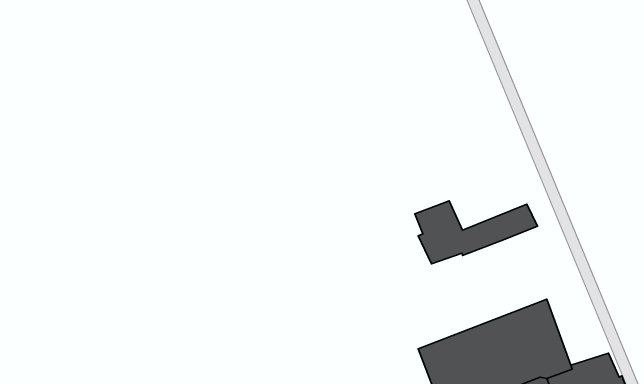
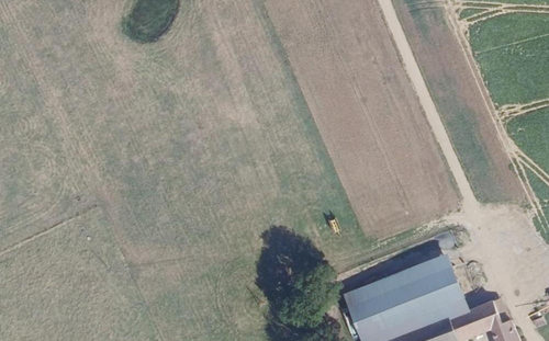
building: [415,201,537,264] -> none

